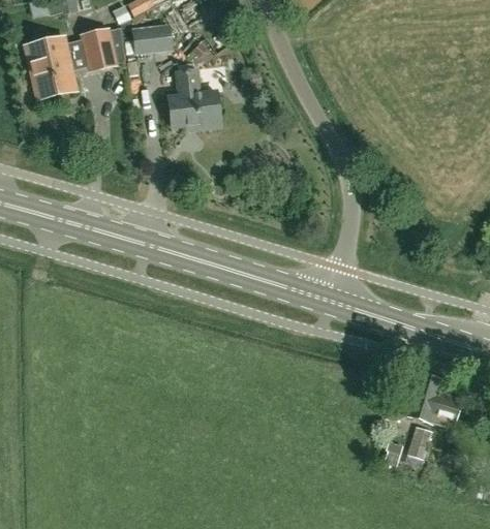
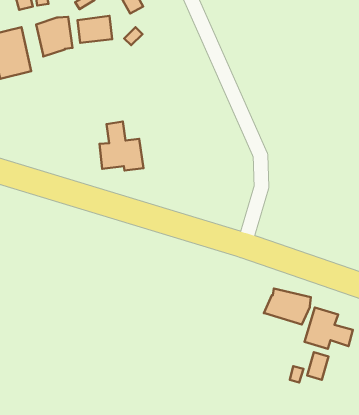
building: [169,69,221,128] -> [100,121,144,171]
building: none -> [264,288,311,324]

